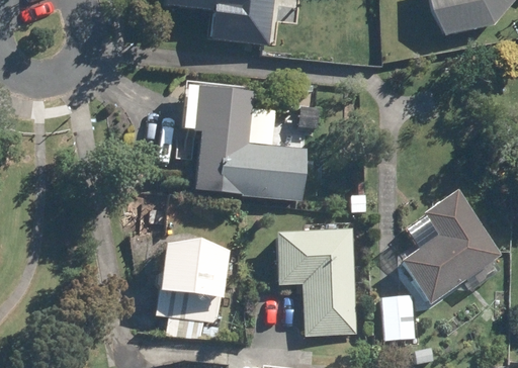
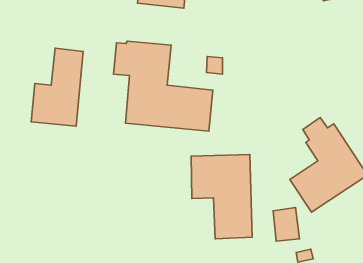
building: none -> [31,48,83,126]
building: [157,248,224,339] -> none

